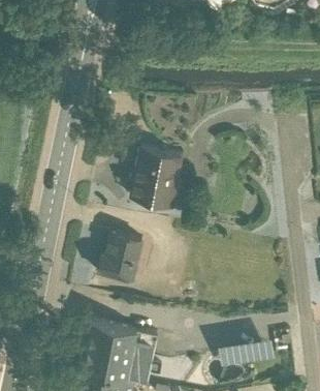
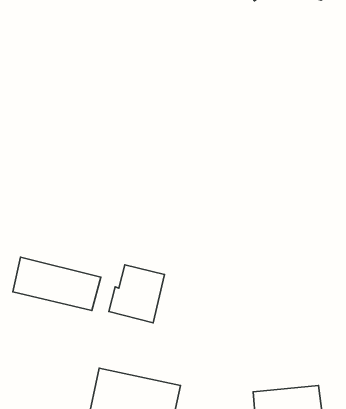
building: [131,146,186,207] -> none
building: none -> [13,257,101,310]

